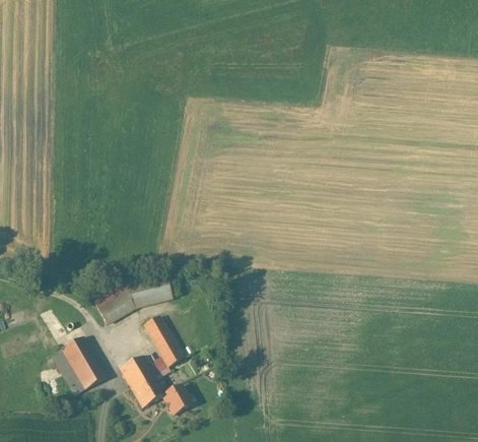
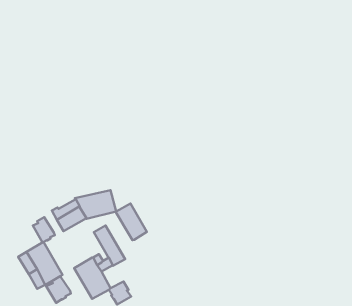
building: none -> [116,203,147,240]
building: none -> [33,217,55,243]
building: none -> [46,276,71,303]

